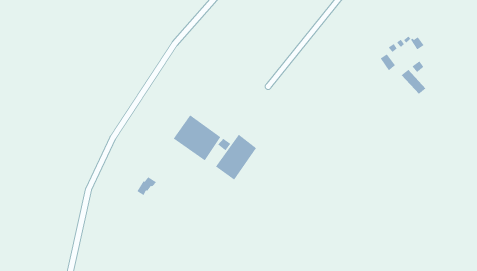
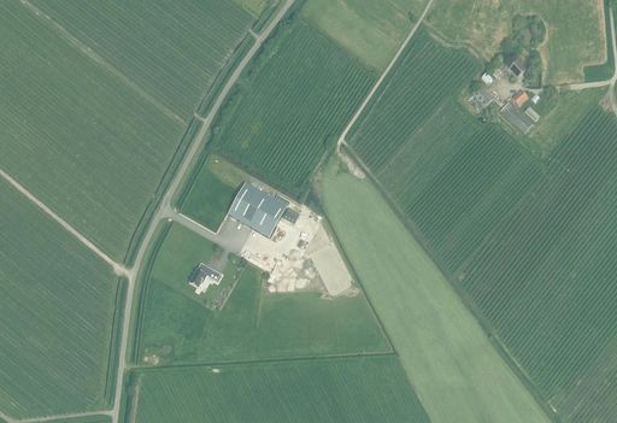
building: [215,134,257,180] -> none

